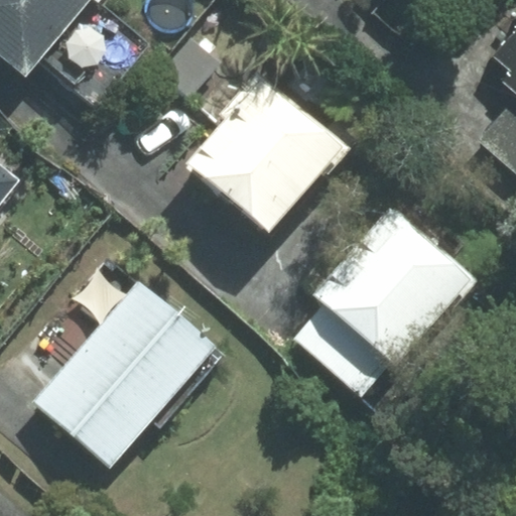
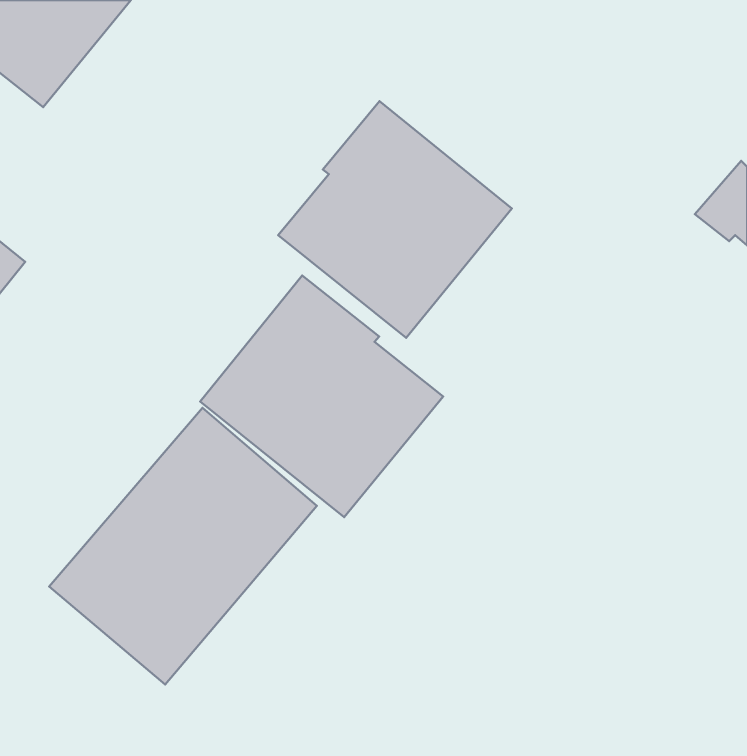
building: none -> [200,276,443,517]
building: [313,207,473,366] -> none

